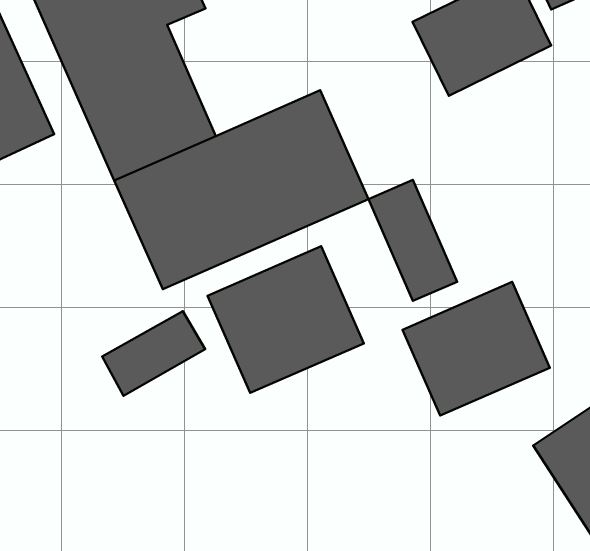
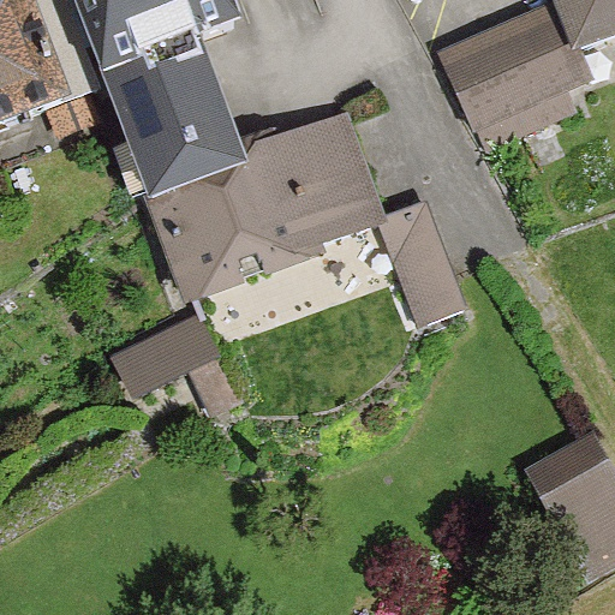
building: [207,246,364,393] -> none
building: [403,282,550,415] -> none

